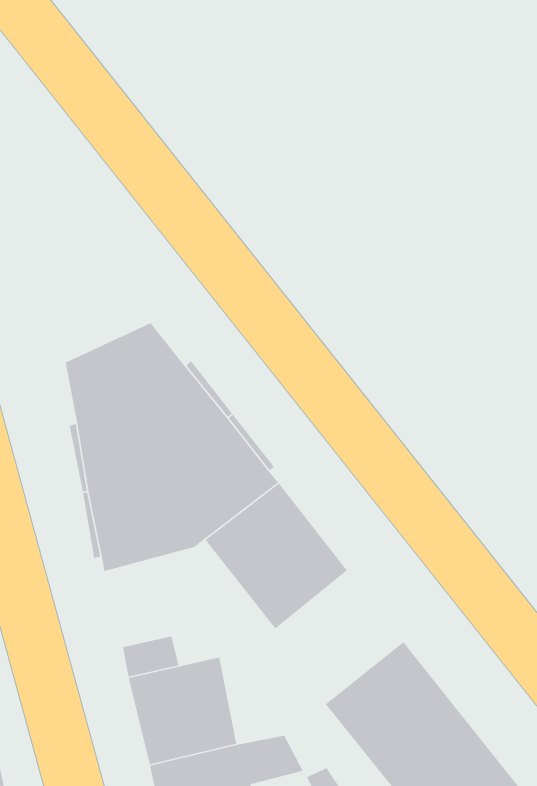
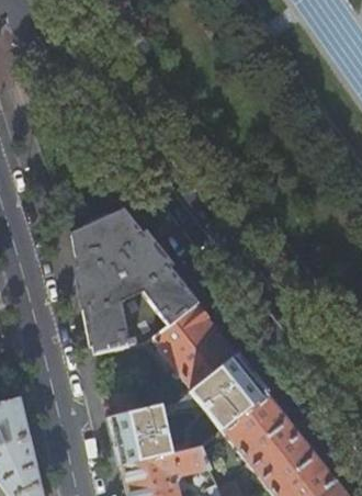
building: none -> [191,354,268,431]

